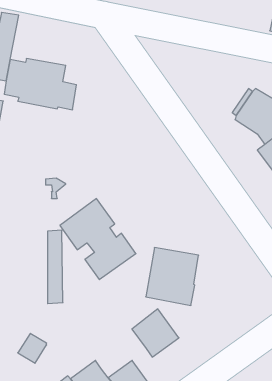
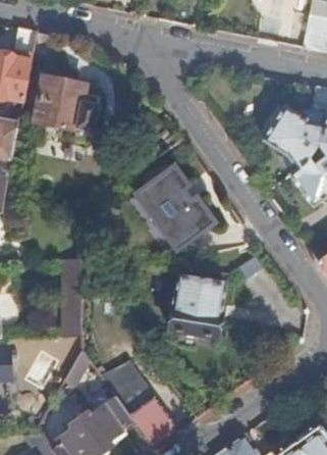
building: [60,199,136,280] -> [135,164,216,250]
building: [132,309,179,357] -> [102,354,152,405]

